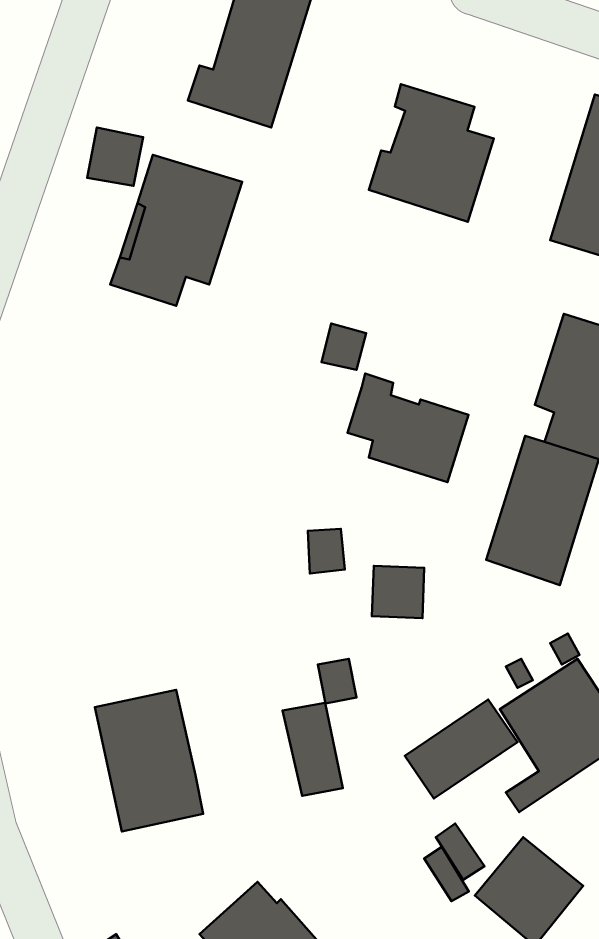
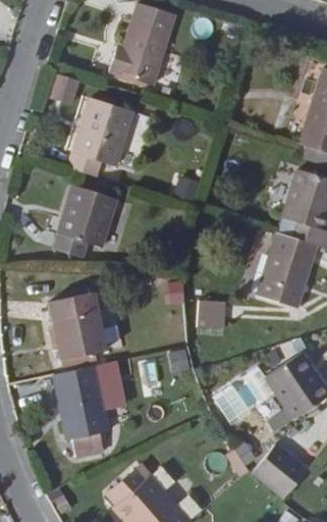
building: [369,84,494,222] -> none
building: none -> [47,173,111,245]
building: [348,373,469,482] -> none
building: none -> [52,299,107,361]
building: [283,703,343,796] -> [97,365,128,414]

